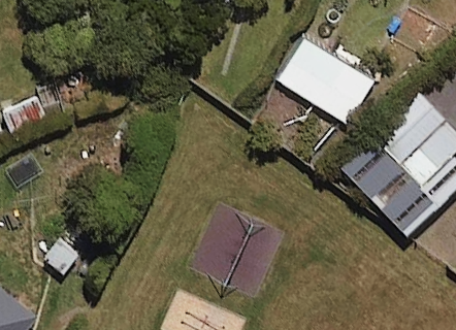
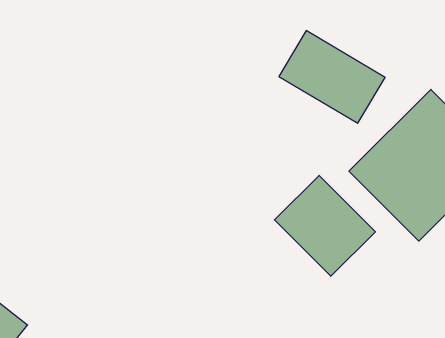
building: none -> [274,175,375,276]

